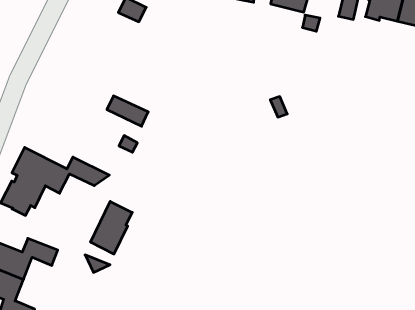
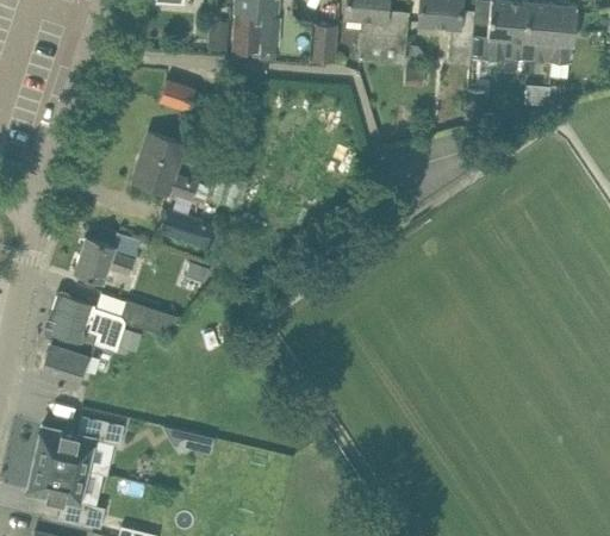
building: none -> [133,132,211,204]
building: none -> [75,233,152,282]
building: [91,201,132,254] -> none

